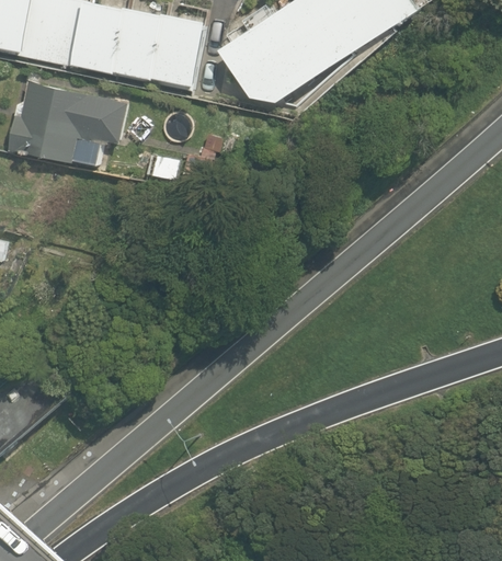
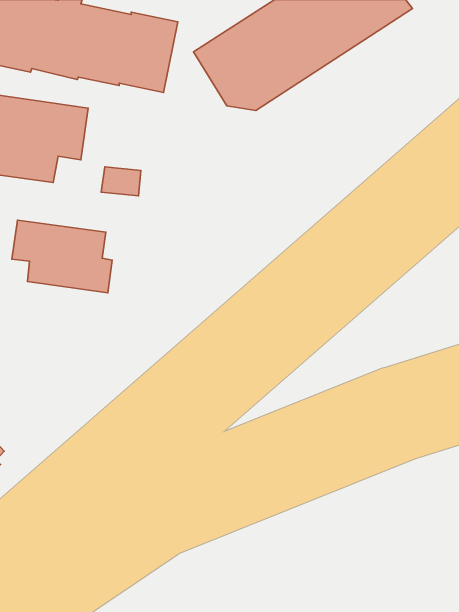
building: none -> [12,220,112,293]

